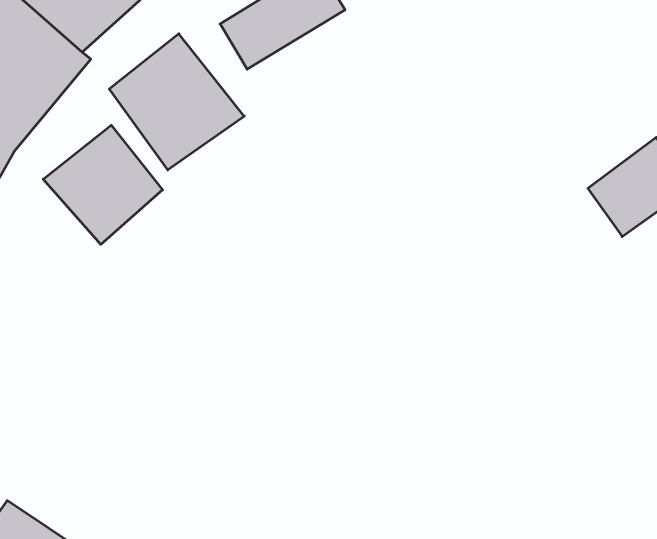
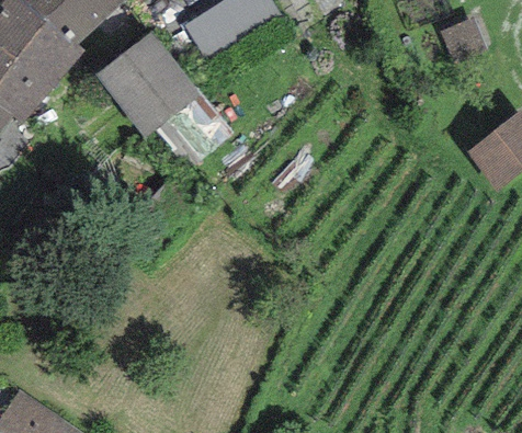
building: [43,125,163,244] -> none

